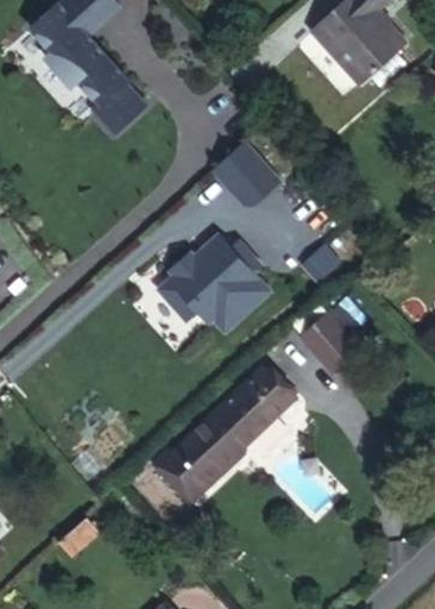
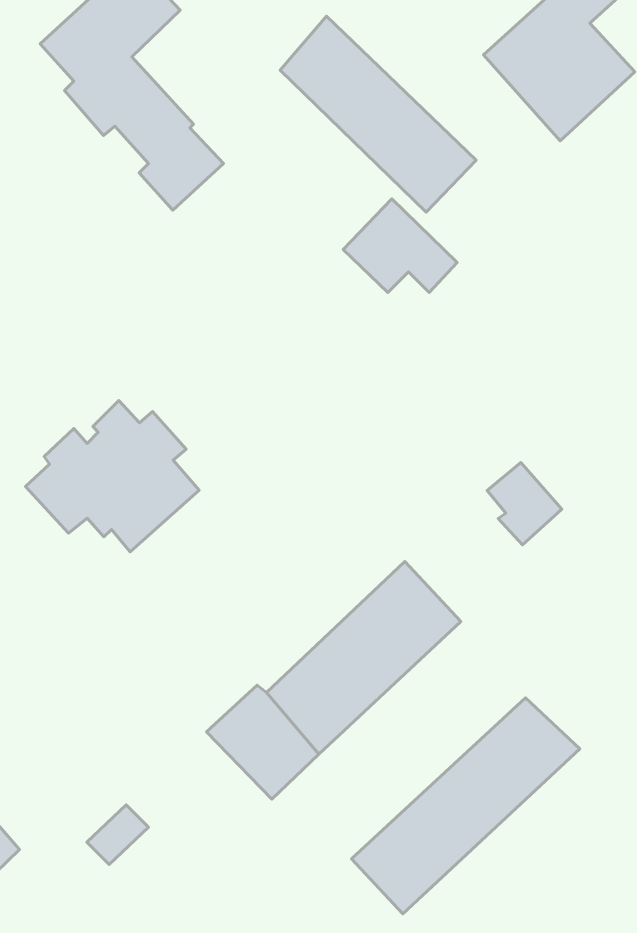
building: none -> [280,16,476,212]
building: [156,238,266,334] -> [25,400,199,552]
building: none -> [352,698,580,914]

